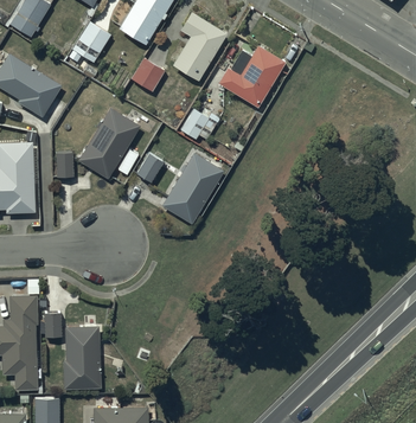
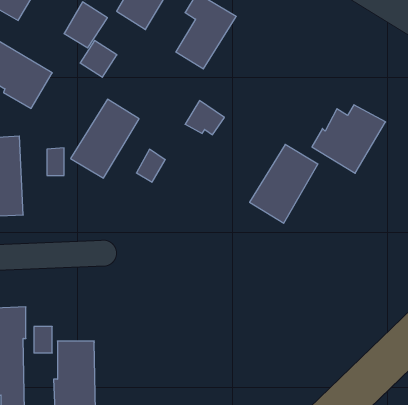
building: [219,46,286,108] -> [312,105,386,173]
building: [132,58,165,91] -> [80,40,117,77]
building: [162,153,224,224] -> [250,144,318,223]

